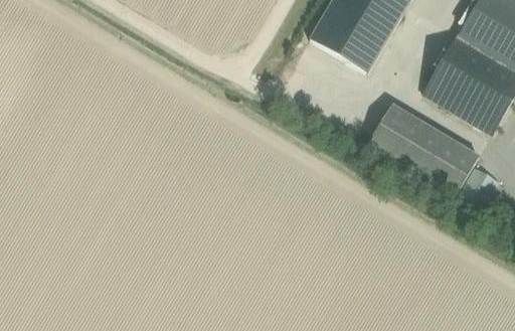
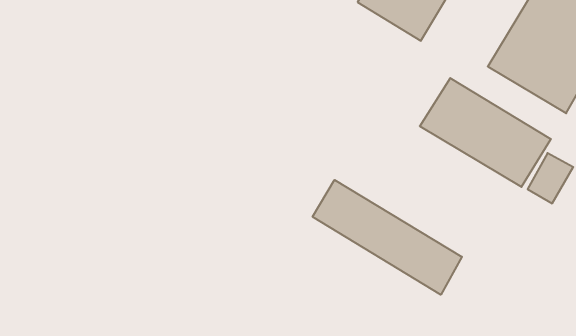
building: none -> [313,180,462,295]

